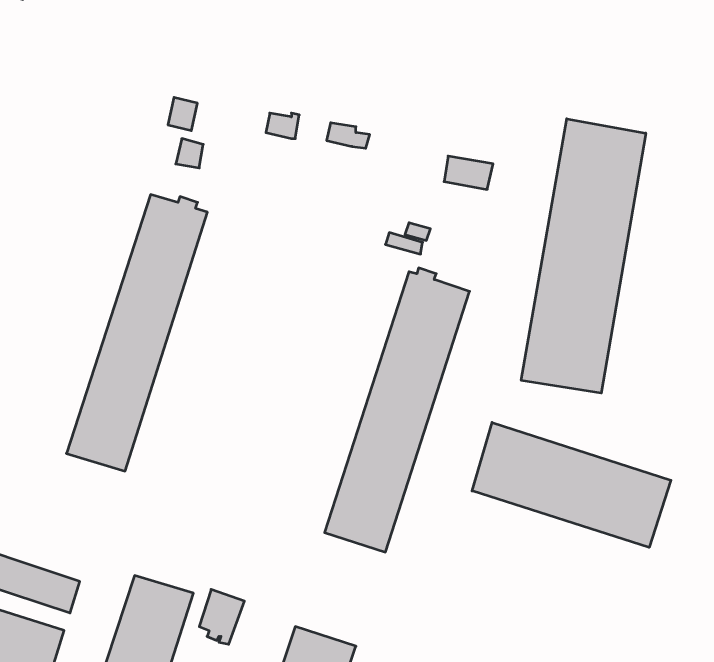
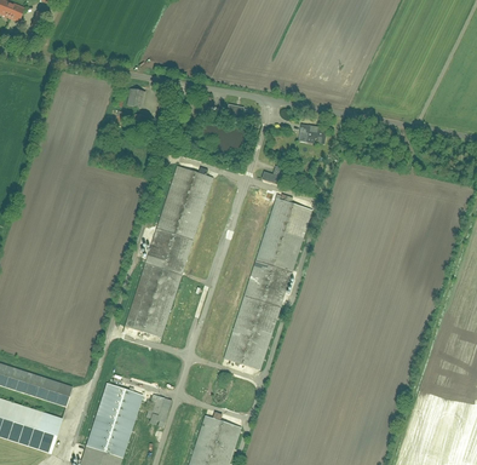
building: [521,119,646,393] -> none
building: [66,195,207,471] -> [123,166,211,337]
building: [472,422,671,547] -> none

